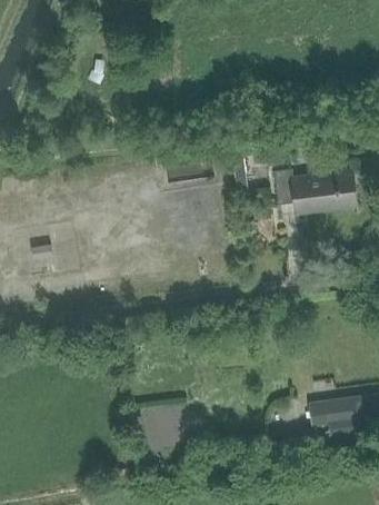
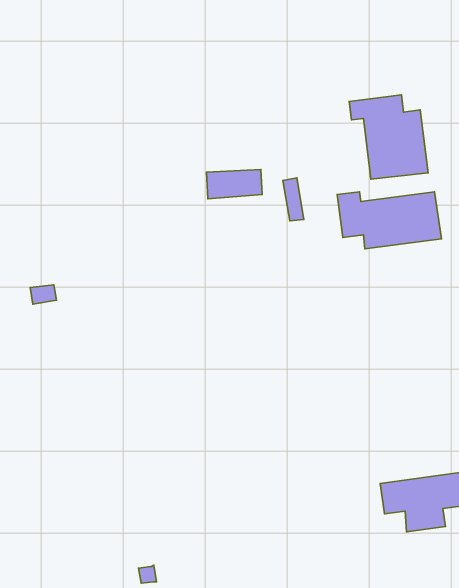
building: none -> [349,95,428,179]

